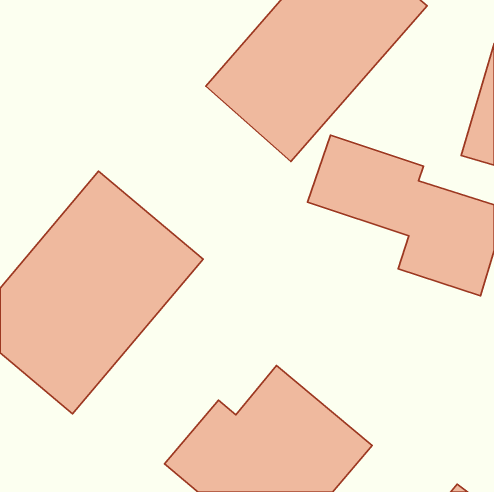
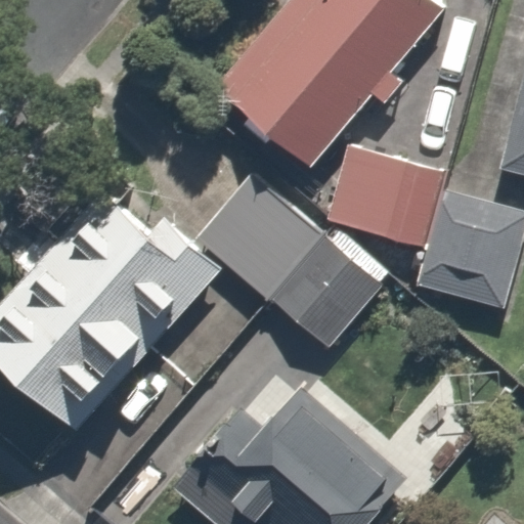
building: none -> [190,161,377,341]

